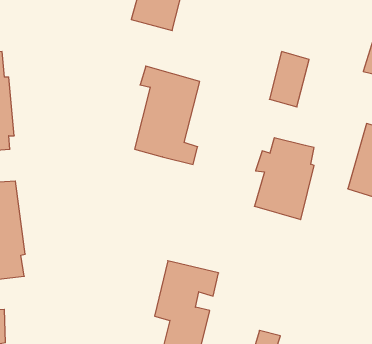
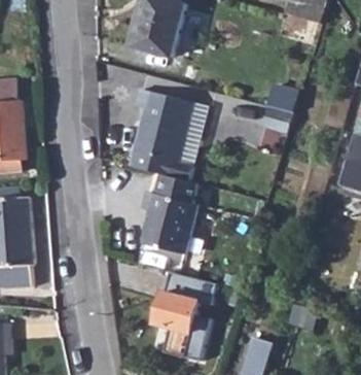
building: [254,138,314,220] -> [143,177,198,253]

